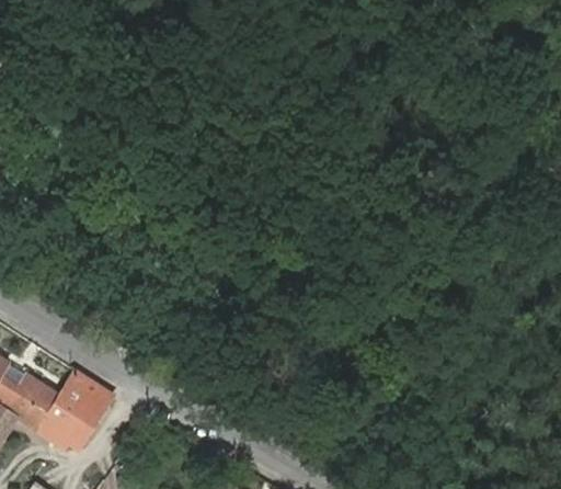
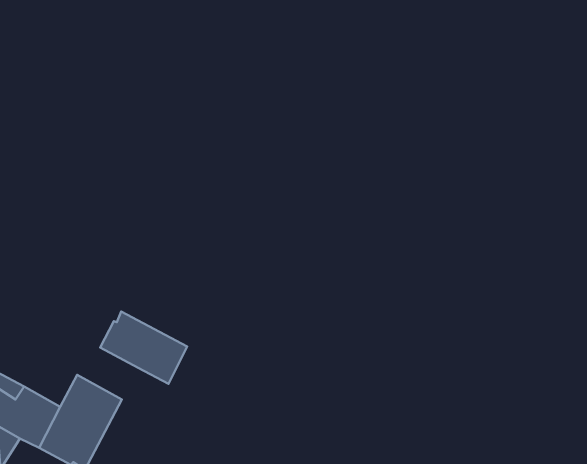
building: none -> [100,312,187,384]

